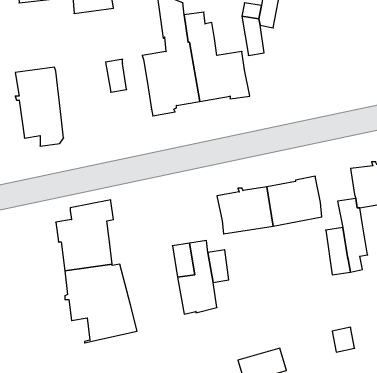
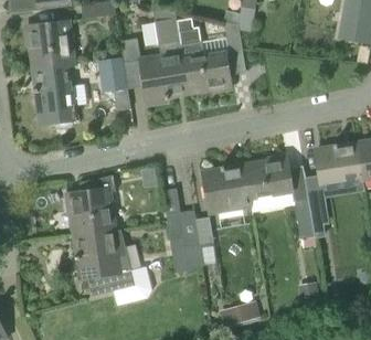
building: none -> [25,21,76,68]

